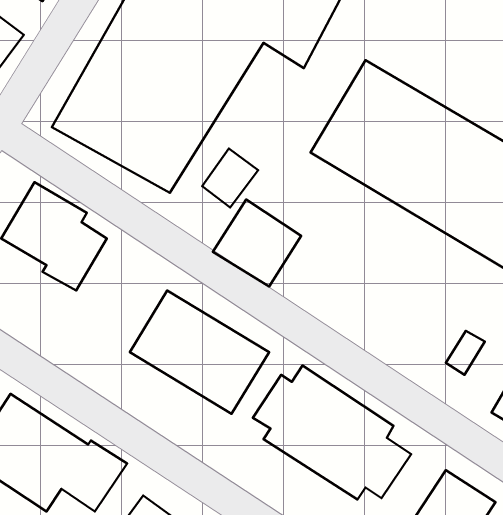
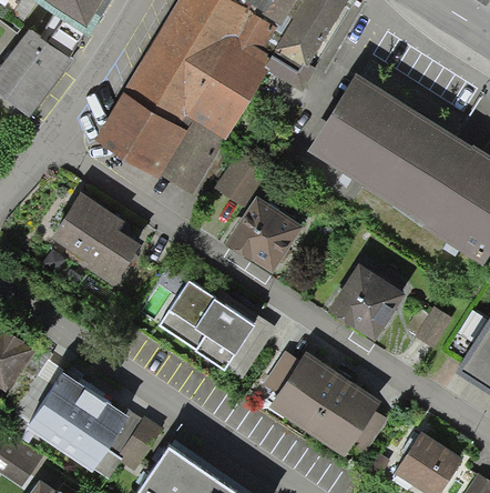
building: none -> [329,268,402,343]

